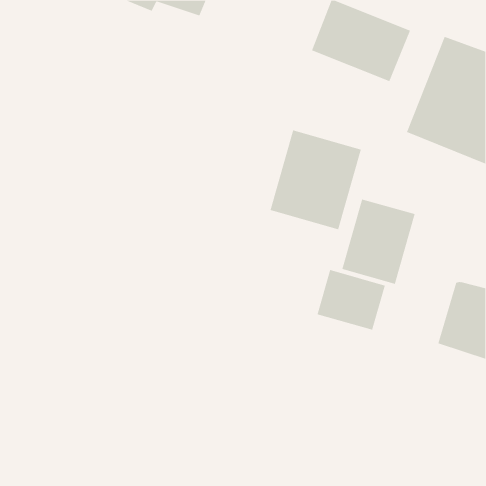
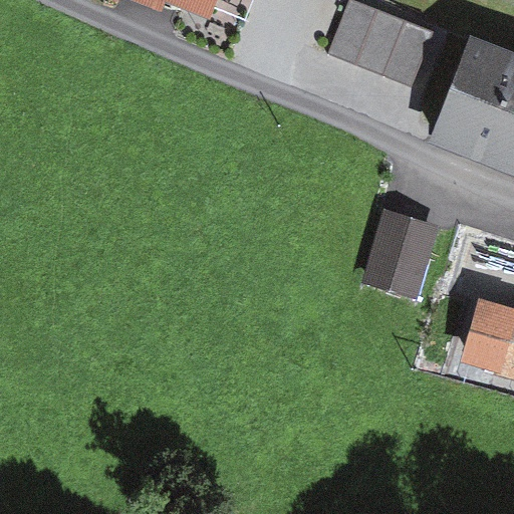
building: [270,130,361,230] -> none
building: [317,269,385,331] -> none

